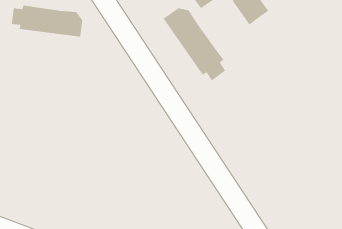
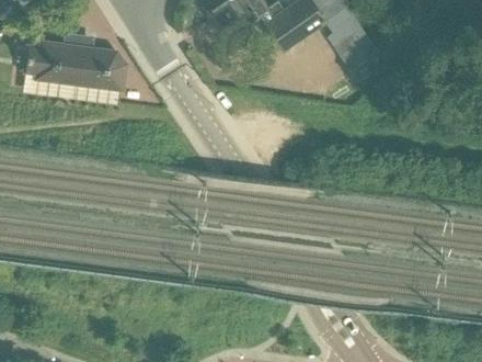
building: [163,7,226,81] -> none

